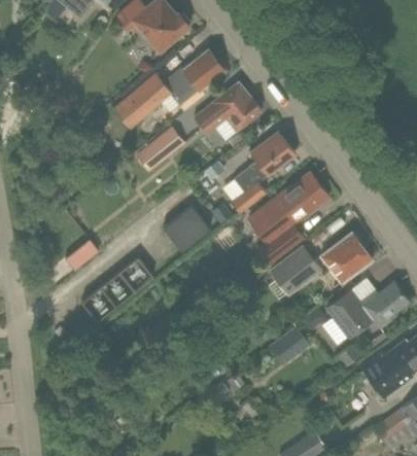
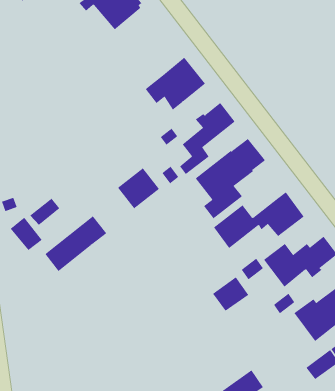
building: [114,49,225,128] -> none
building: [136,127,184,172] -> none
building: none -> [10,217,42,251]

